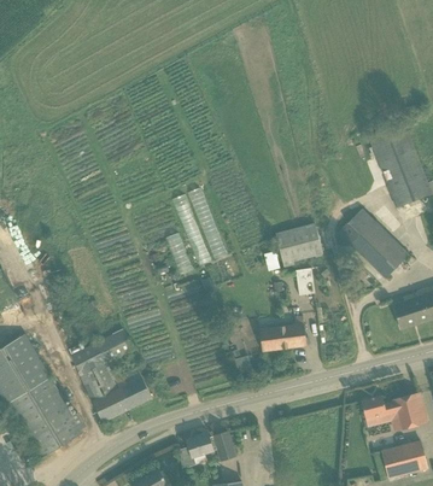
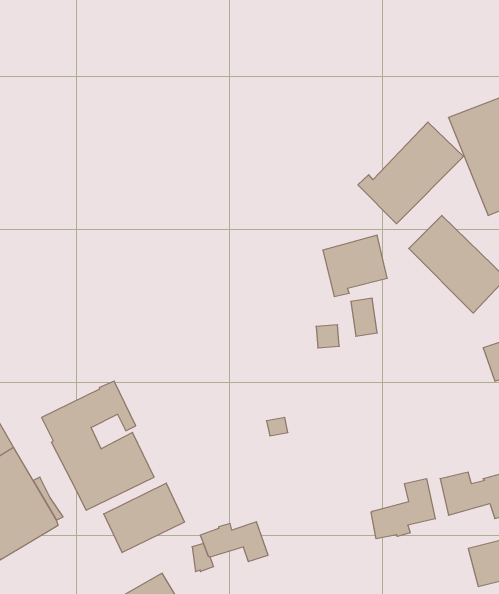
building: none -> [358,122,464,224]
building: [258,316,306,352] -> none
building: none -> [371,479,435,539]
building: none -> [104,483,185,553]

